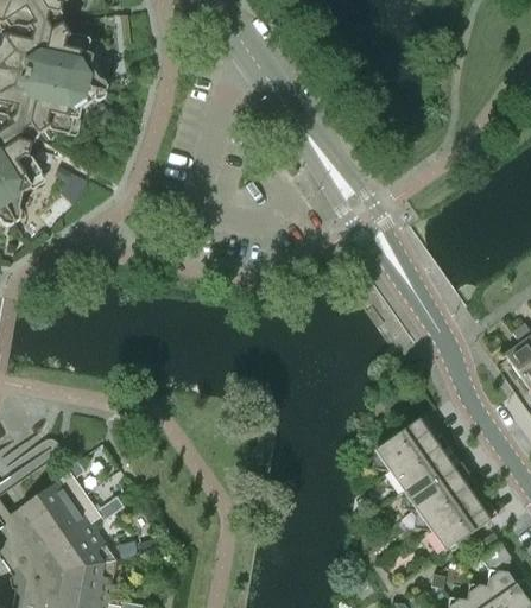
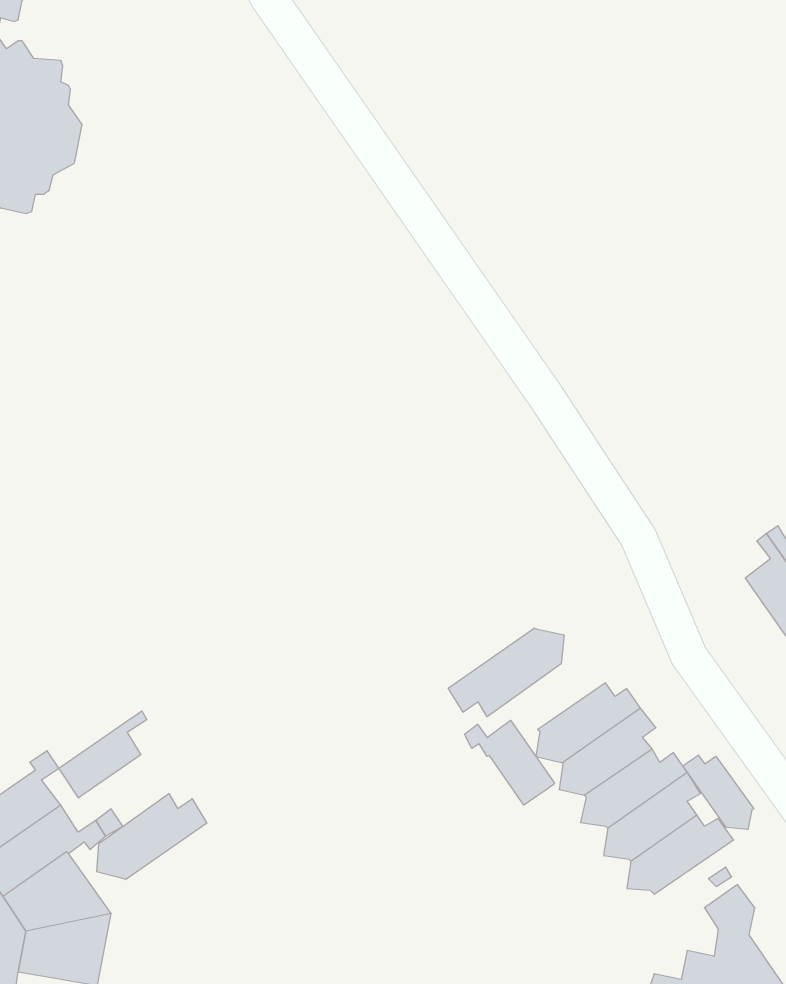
building: none -> [448,628,564,717]
building: none -> [59,711,147,798]
building: none -> [465,720,554,805]
building: none -> [683,755,754,830]
building: none -> [97,794,207,880]

